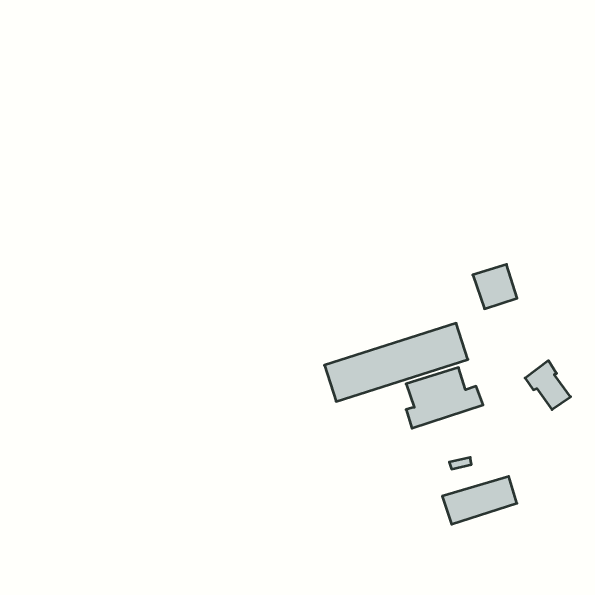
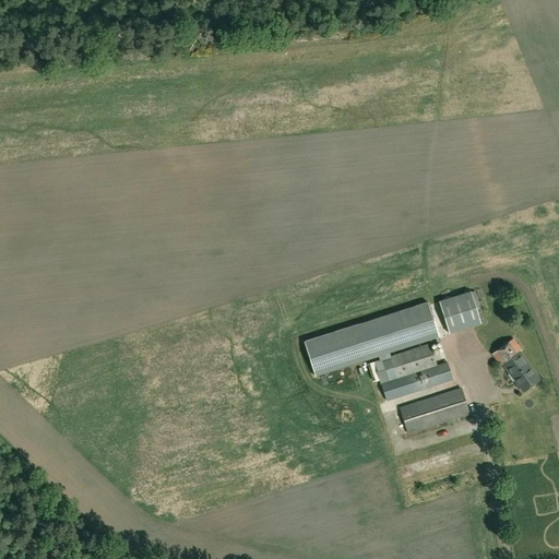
building: [473,264,517,309] -> [438,292,479,333]
building: [442,476,517,524] -> [399,389,468,433]

